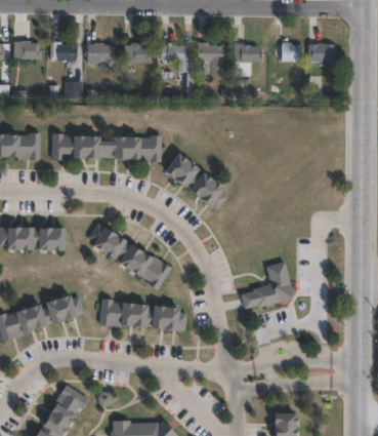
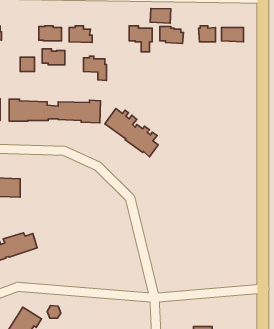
building: none -> [150,9,171,23]
building: [49,42,77,62] -> [42,49,65,65]
building: [160,43,187,73] -> [84,56,106,81]
building: [89,223,172,290] -> none
building: [241,263,294,310] -> none
building: [99,300,186,331] -> none

